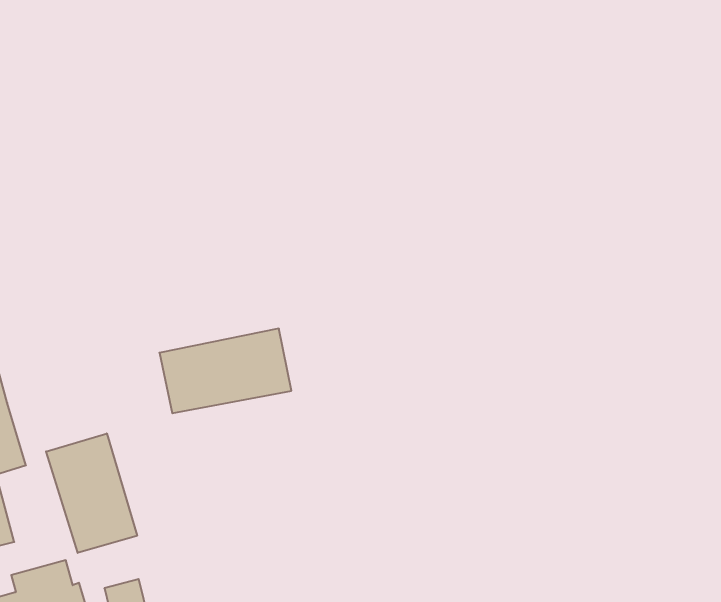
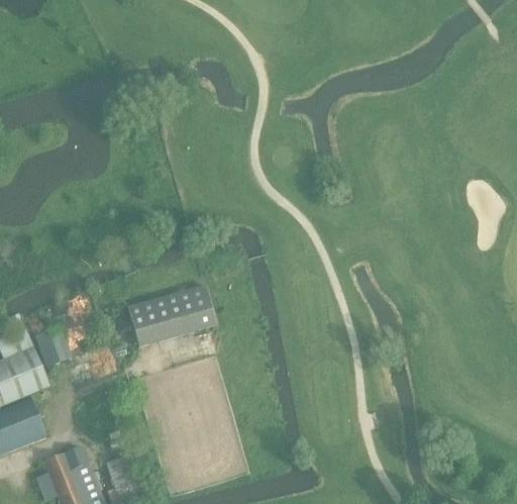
building: none -> [31,327,69,368]
building: [46,433,137,553] -> none

